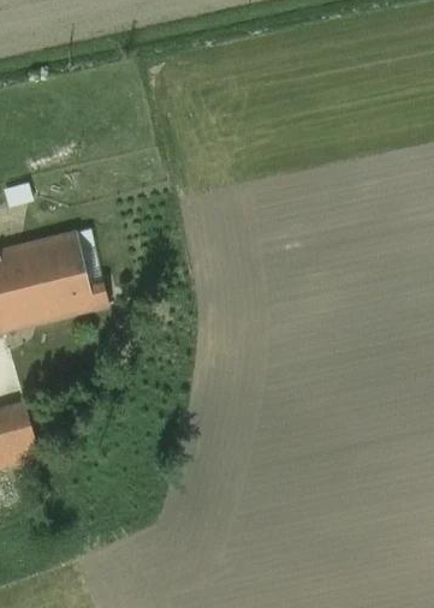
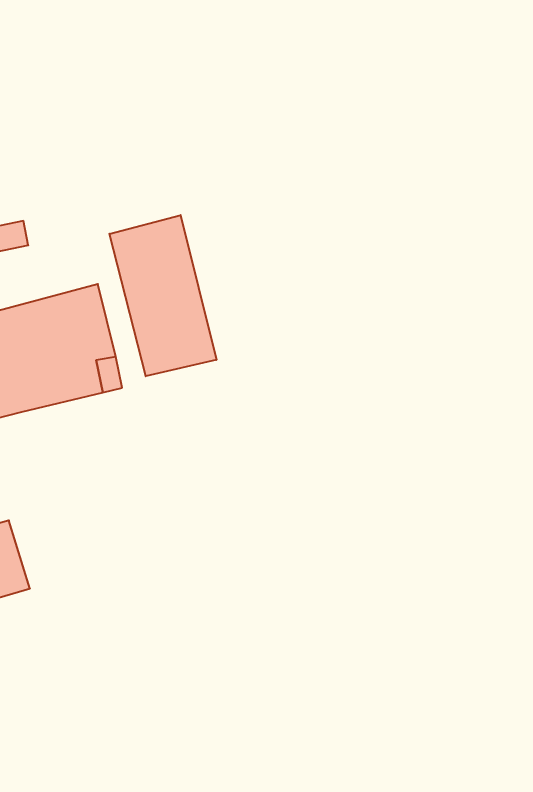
building: none -> [109,215,216,376]

